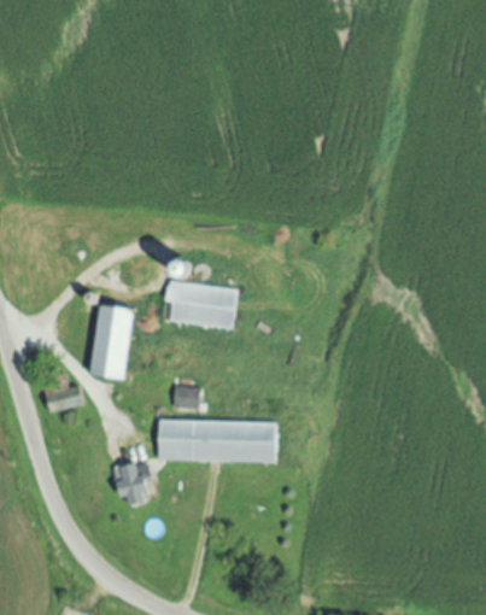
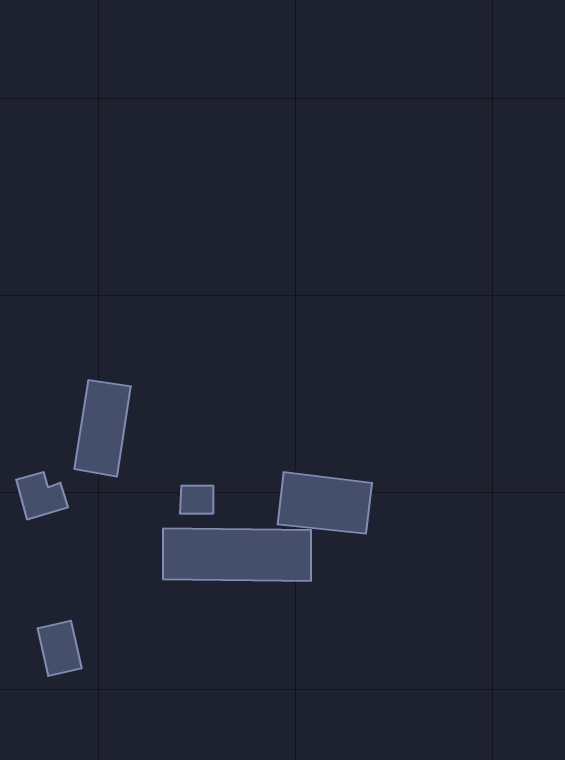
building: [163,280,238,328] -> [277,472,372,534]
building: [116,461,151,504] -> [37,621,82,676]

